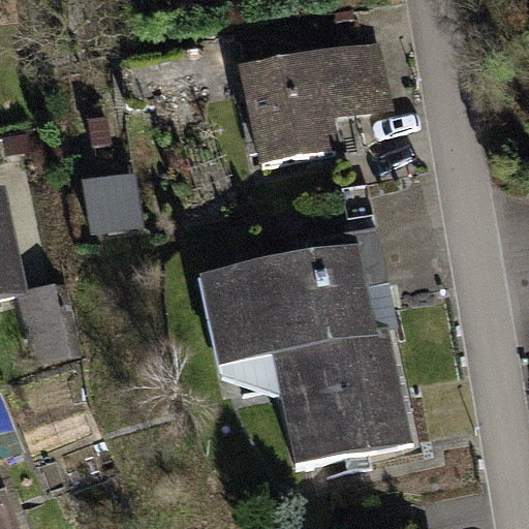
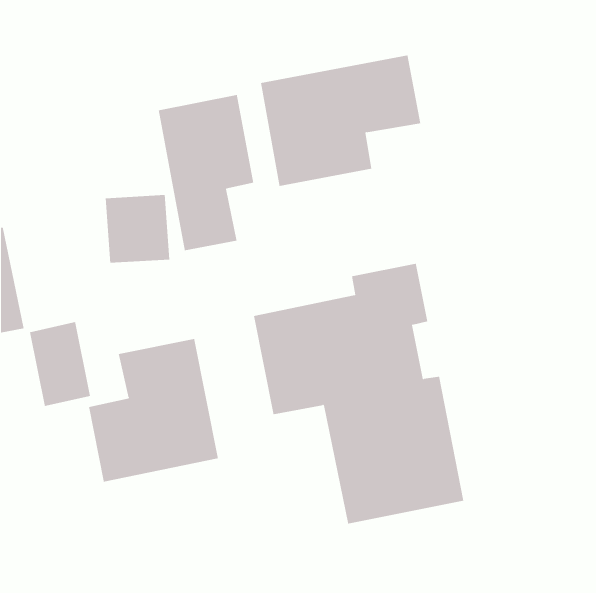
building: none -> [158,94,254,251]
building: none -> [88,338,218,482]

